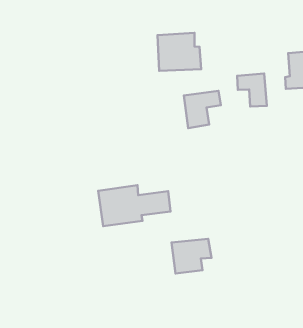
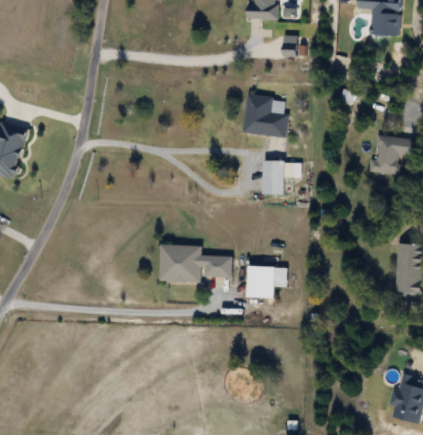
building: [237,74,267,107] -> none
building: [172,239,211,273] -> [248,265,287,298]

